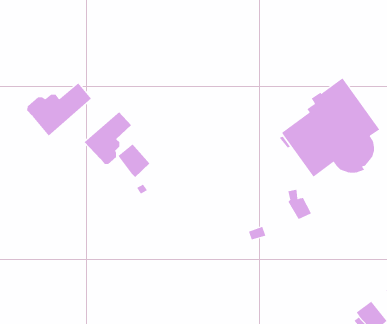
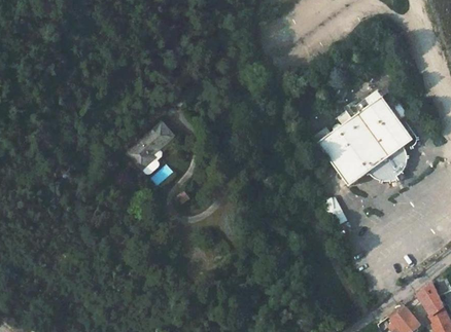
building: [27,82,92,137] -> none
building: [118,143,150,178] -> none

